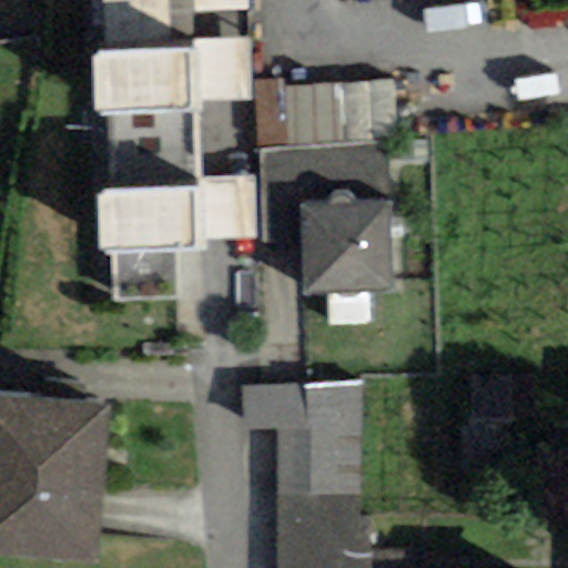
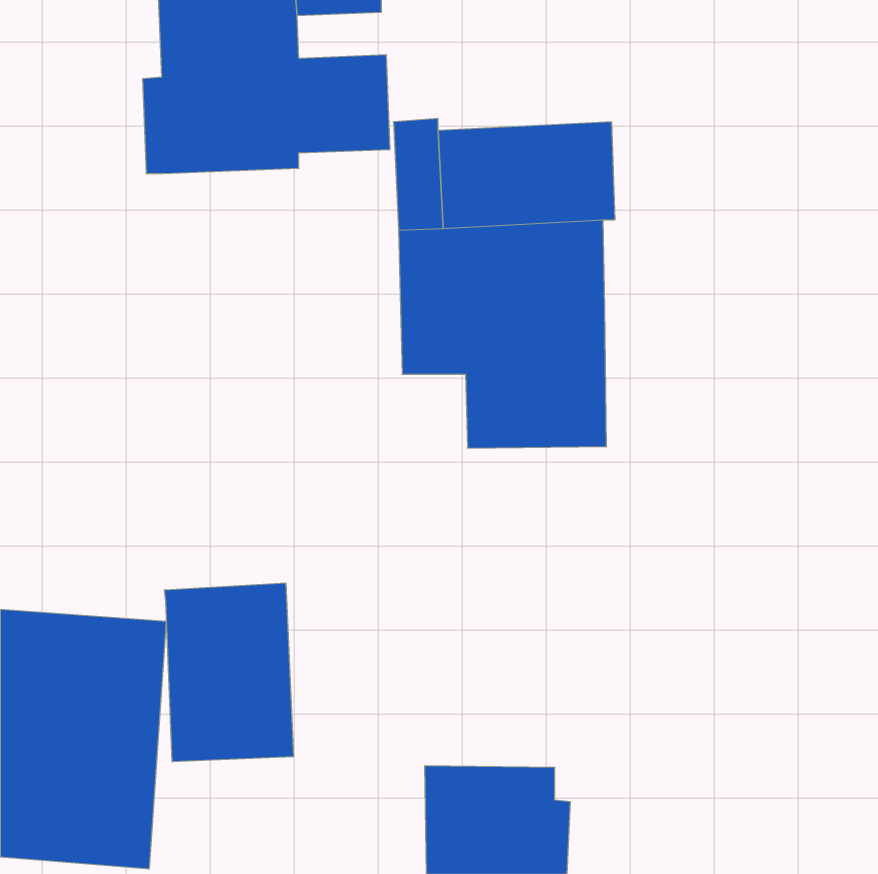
building: [95,109,255,297] -> none
building: none -> [165,583,294,762]
building: [240,379,363,496] -> none

